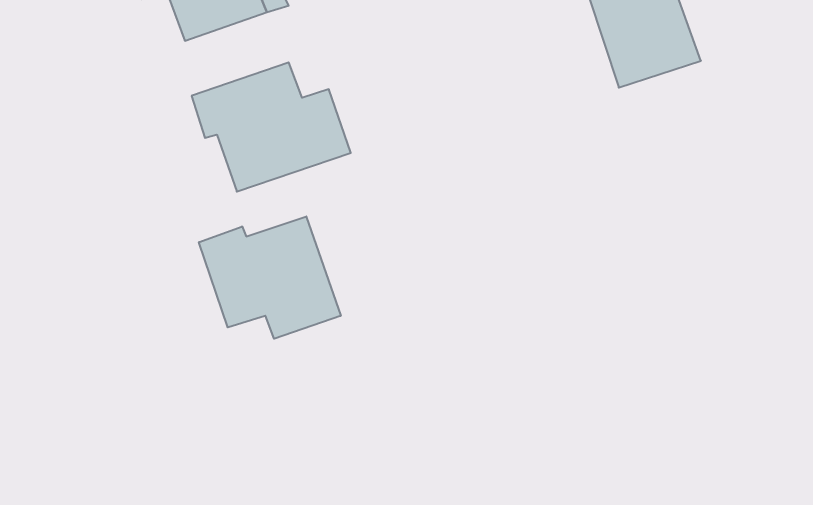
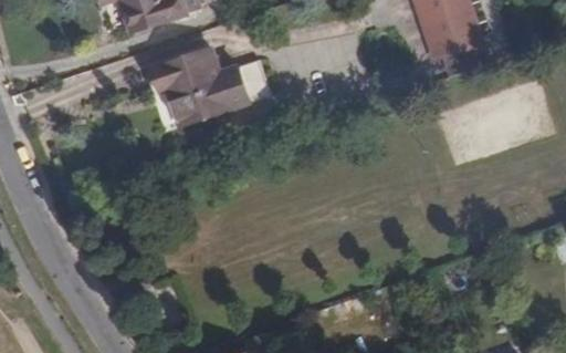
building: [199,216,341,339] -> none

